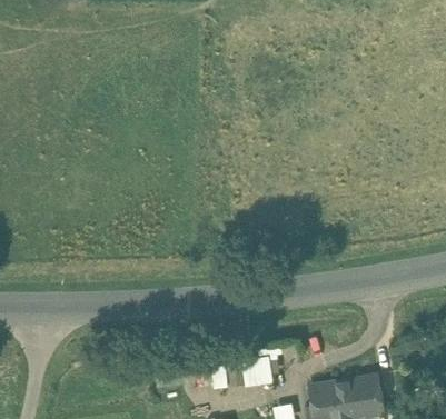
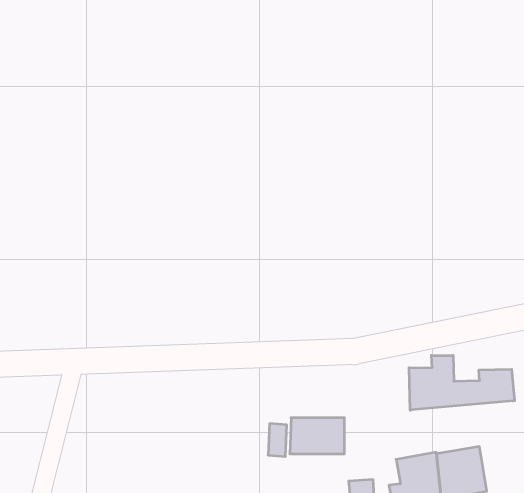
building: none -> [409,355,515,410]

